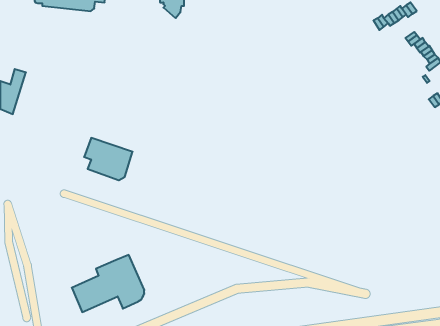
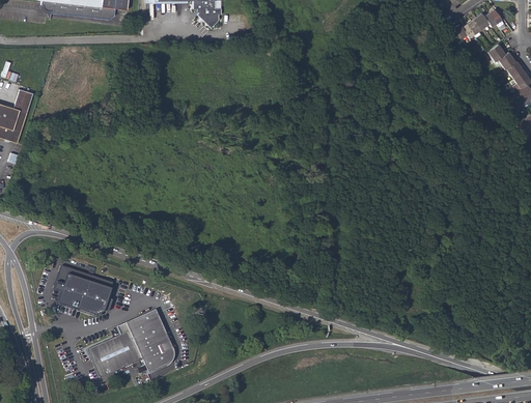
building: [84,138,133,180] -> [55,265,113,316]

